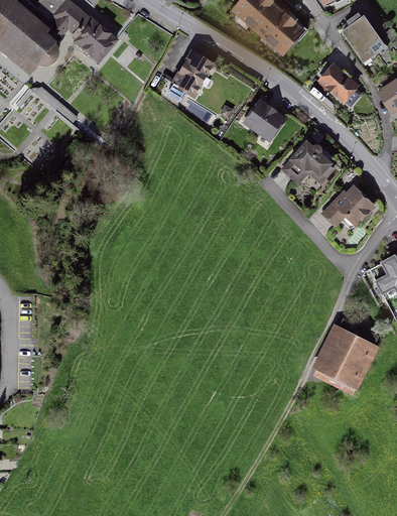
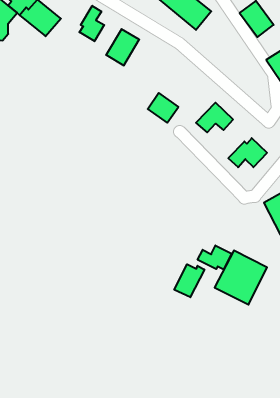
building: none -> [79,6,104,41]
building: [322,64,361,102] -> none
building: [248,101,286,138] -> [148,93,178,123]
building: none -> [198,245,231,270]
building: none -> [174,264,204,297]

